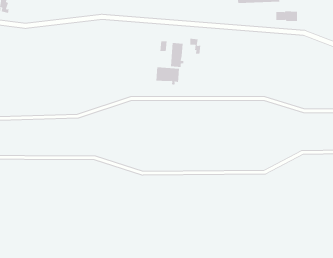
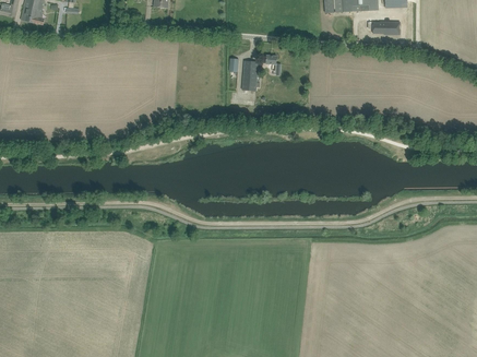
building: [156,66,180,85] -> none

